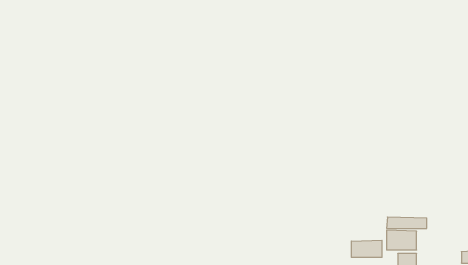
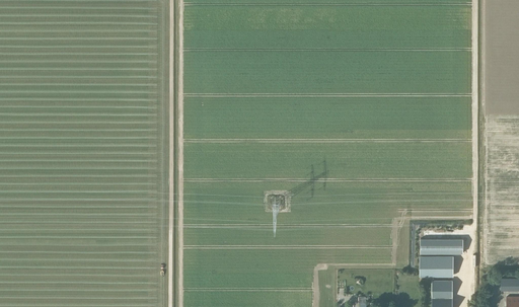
building: [351,240,382,257] -> none

